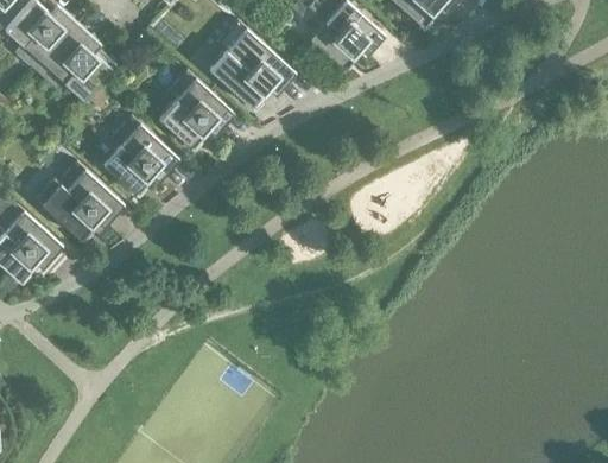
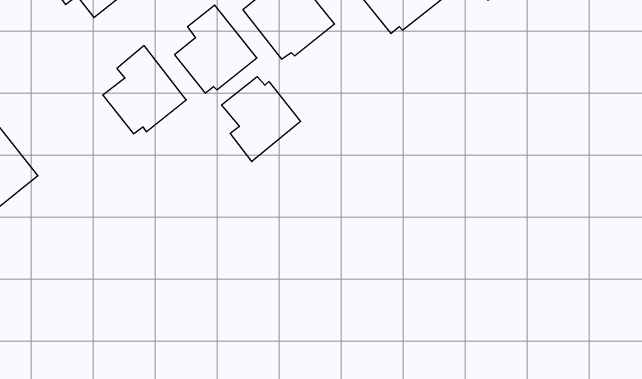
building: none -> [222,77,301,162]
building: [34,161,120,239] -> none

